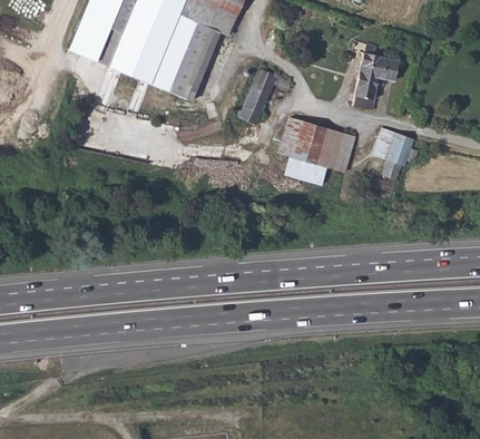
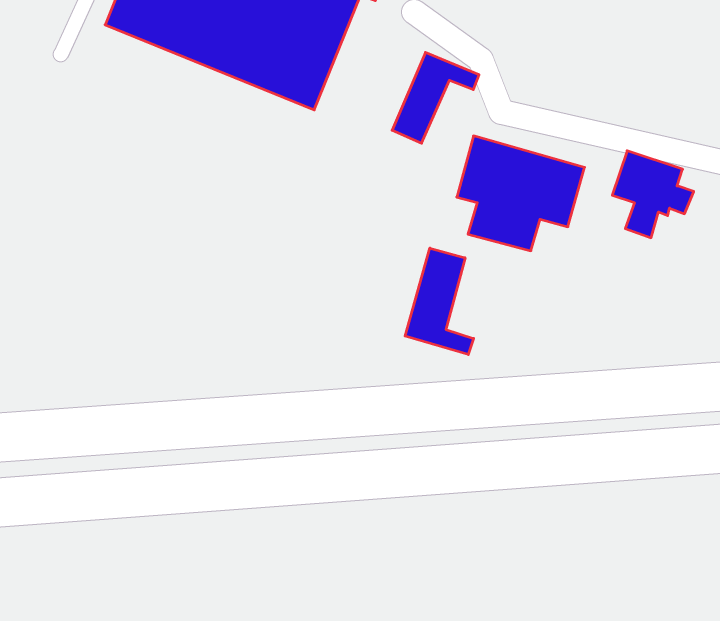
building: [352,51,398,107] -> none
building: none -> [405,248,474,355]

